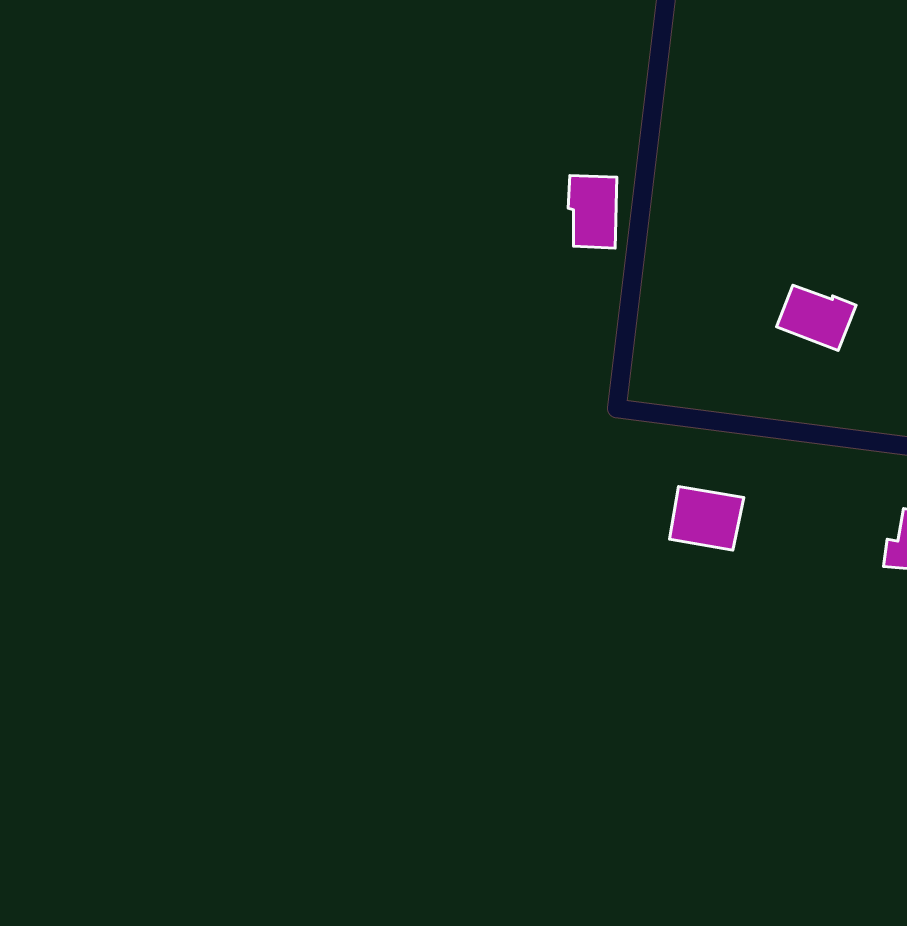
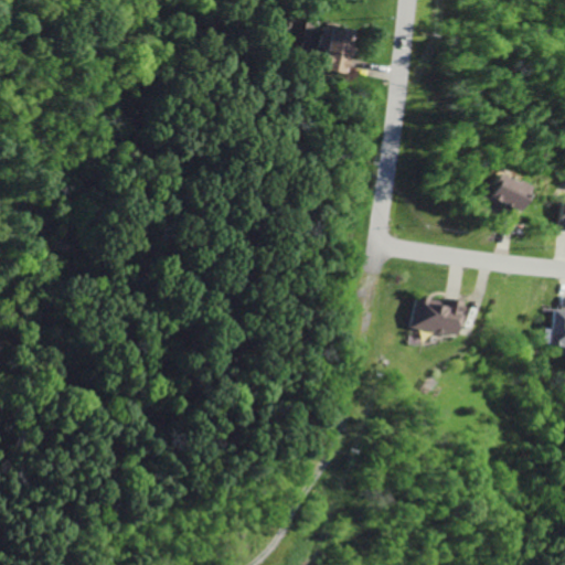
building: [568,175,617,248] -> [327,29,356,73]

